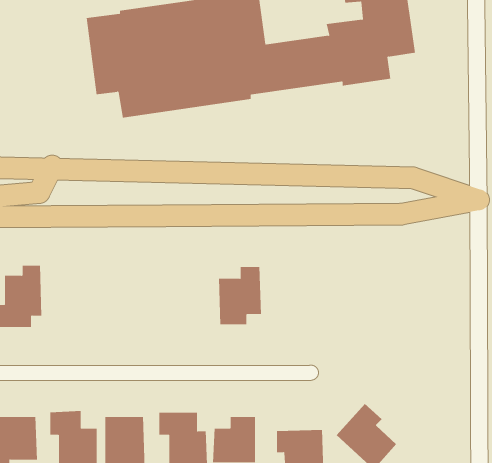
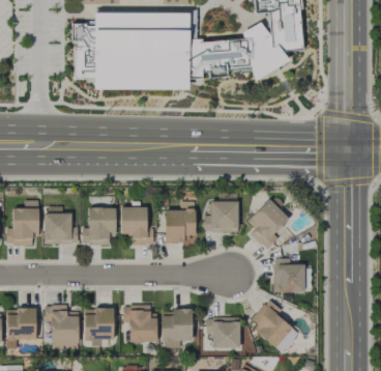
building: none -> [247,198,289,249]
building: none -> [204,201,238,231]
building: none -> [82,206,116,245]
building: none -> [120,206,153,245]
building: none -> [45,212,78,244]
building: none -> [273,257,304,292]

